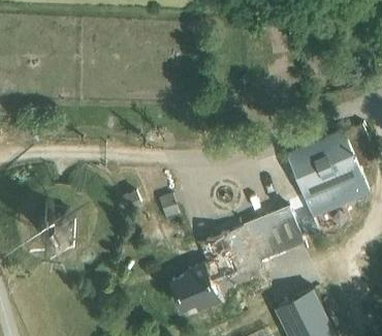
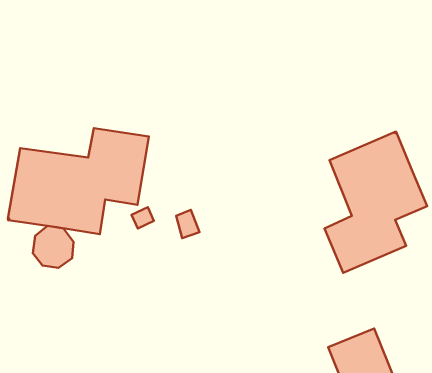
building: none -> [8,128,149,234]
building: [171,209,299,313] -> none

